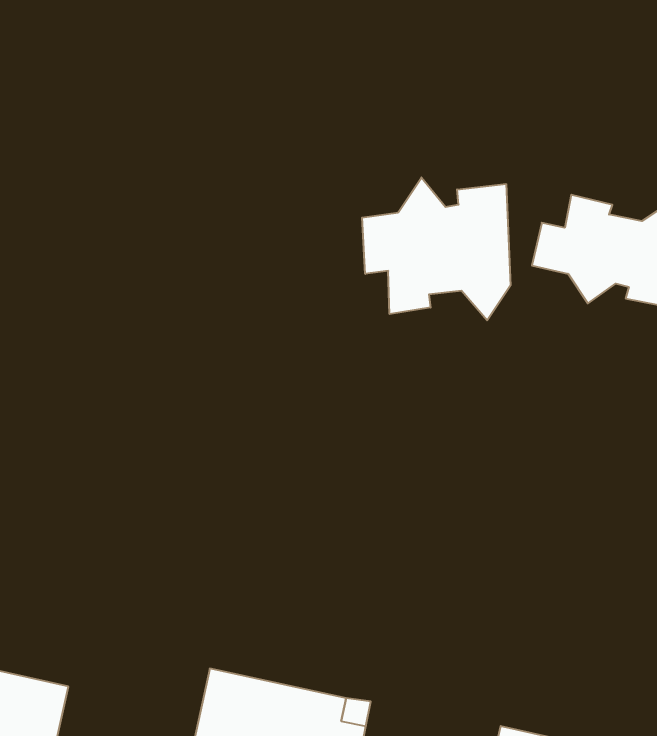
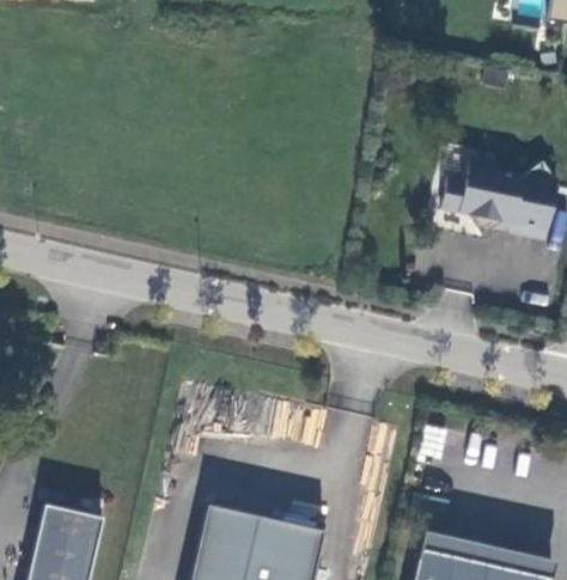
building: [362,177,510,320] -> none

